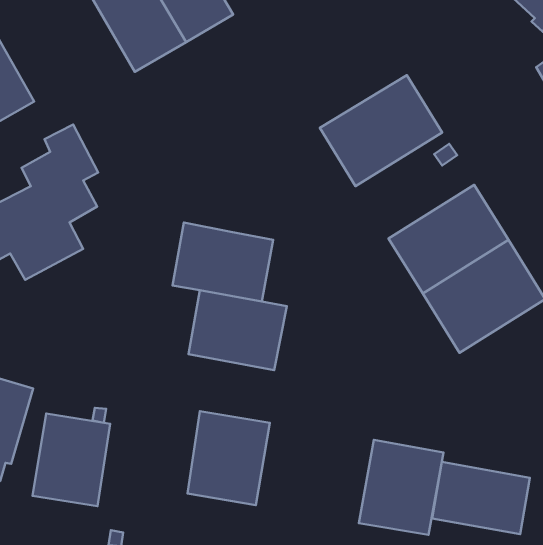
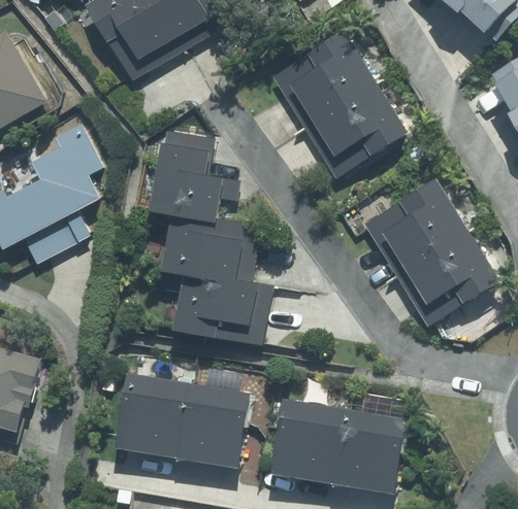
building: none -> [269,28,379,127]
building: none -> [156,131,234,220]
building: [32,413,110,506] -> [122,373,192,456]
building: none -> [279,398,349,483]
building: [432,462,530,534] -> none

